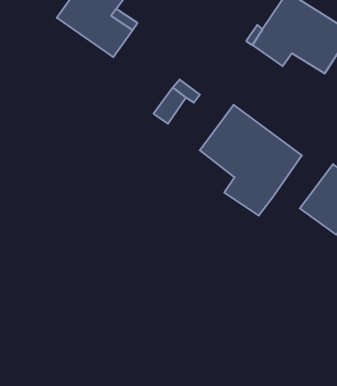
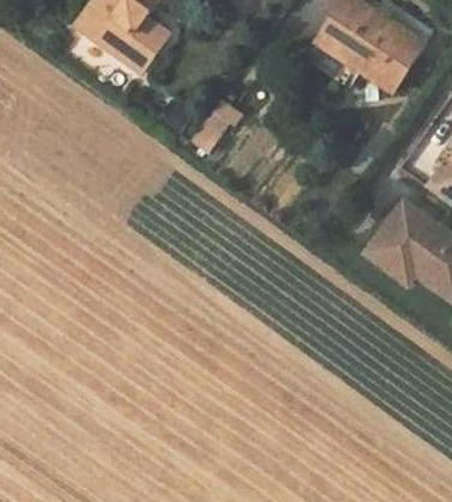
building: [200,105,302,216] -> none

